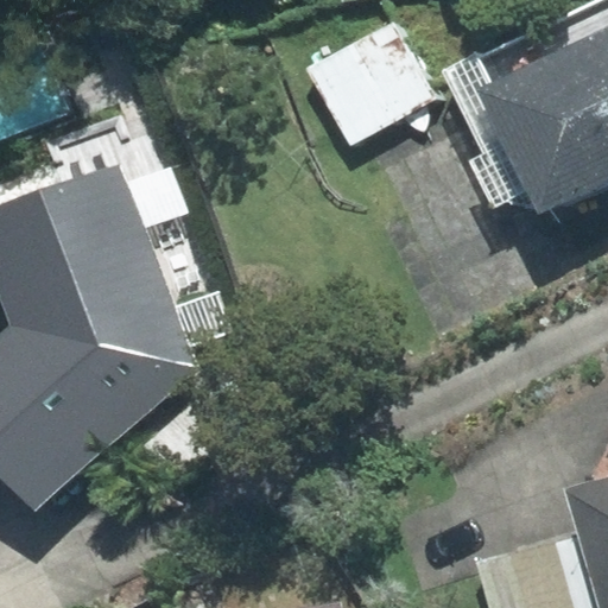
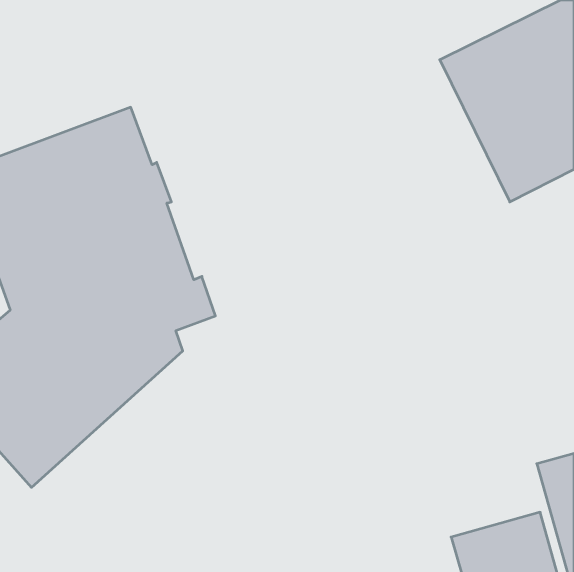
building: [308,30,430,147] -> none

